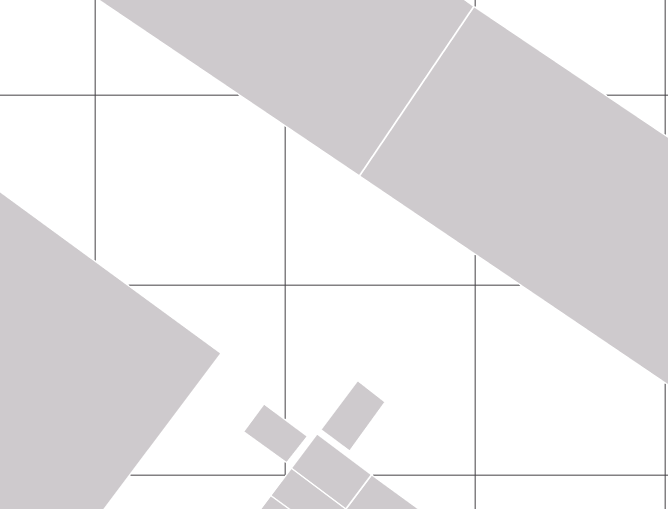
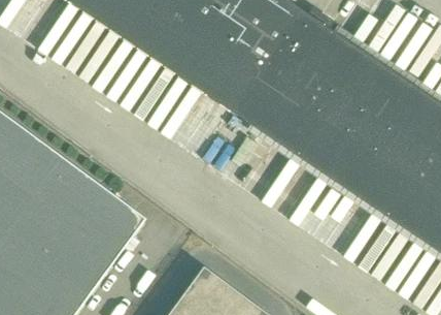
building: [321,380,385,451] -> none
building: [244,404,307,463] -> none

